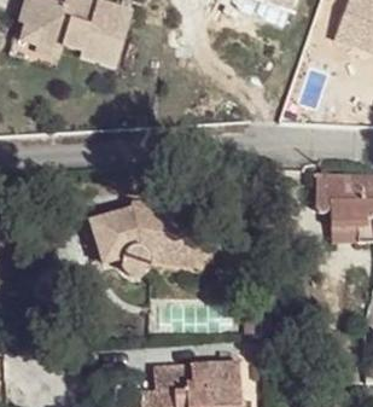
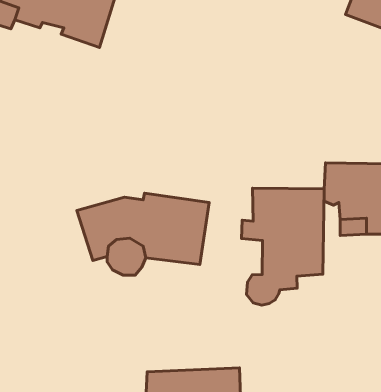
building: none -> [241,188,324,305]

